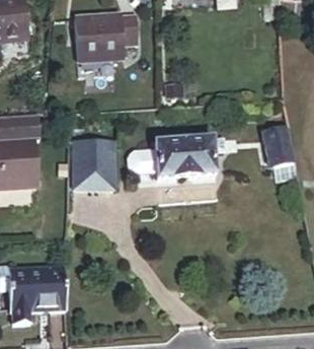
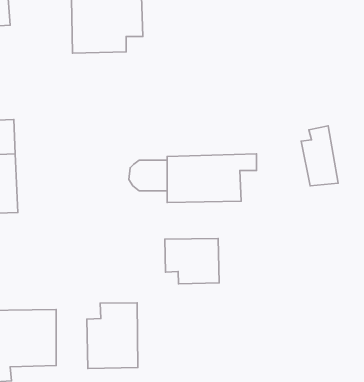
building: [76,139,115,190] -> none
building: none -> [165,239,219,284]
building: none -> [87,303,138,368]

